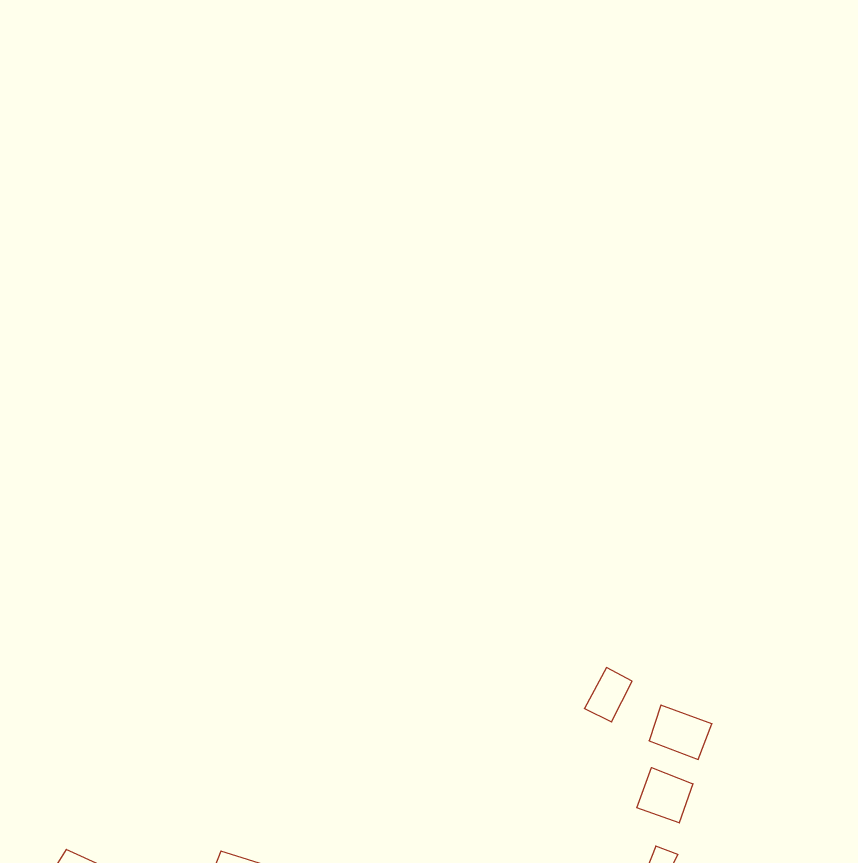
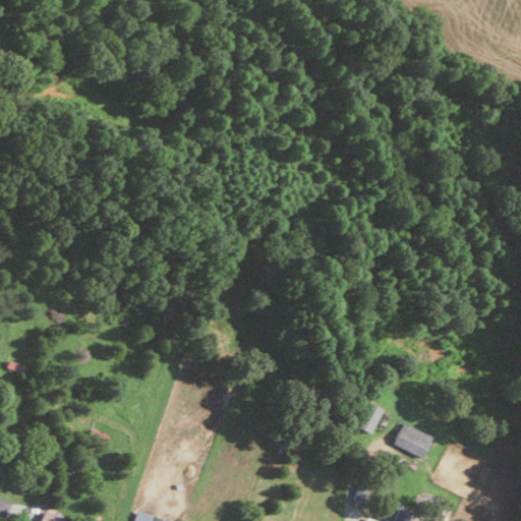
building: [637,768,693,823] -> none

